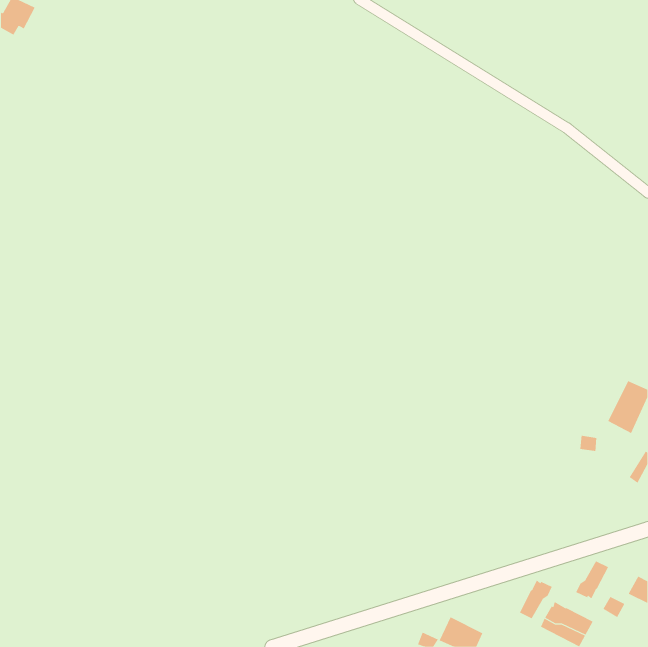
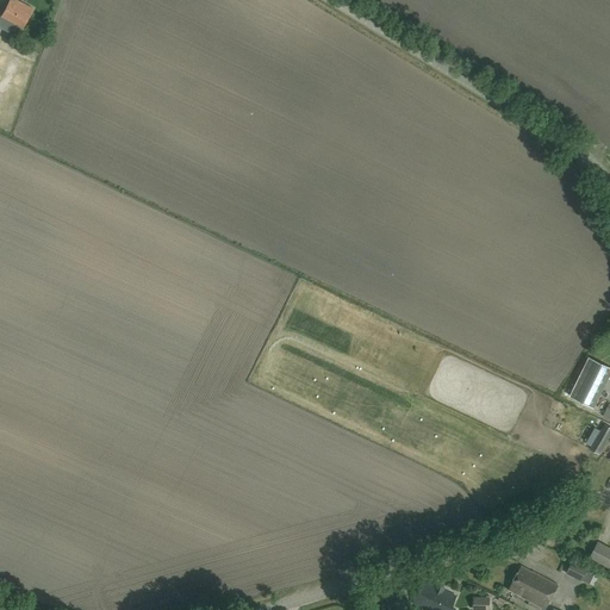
building: [575,560,609,600] -> none
building: [519,579,553,619] -> none

